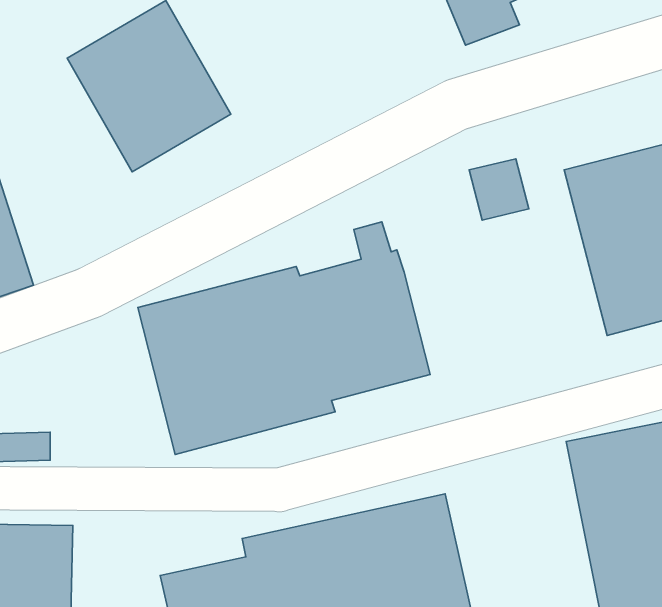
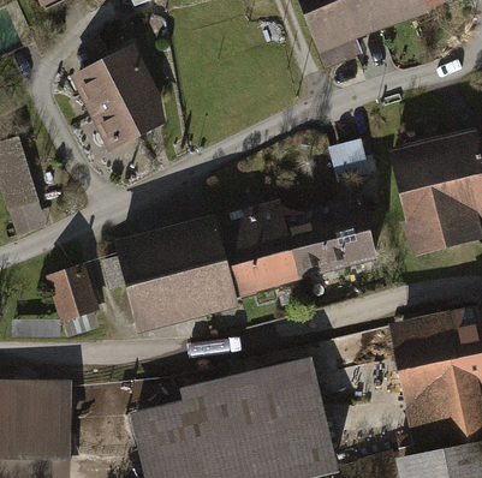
building: none -> [285,196,375,281]
building: none -> [44,263,99,337]

